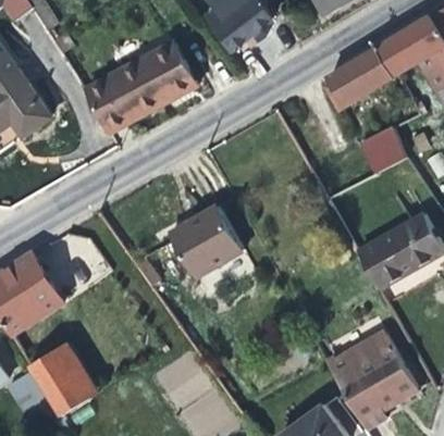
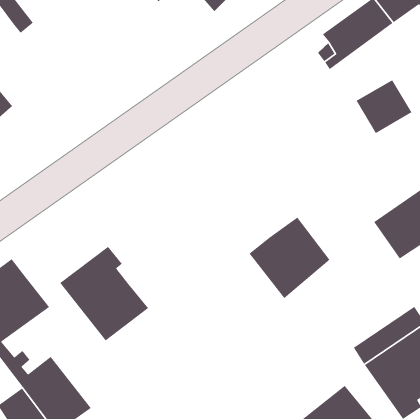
building: [84,42,199,133] -> none
building: [176,203,249,276] -> [248,216,330,299]
building: none -> [59,246,149,341]

